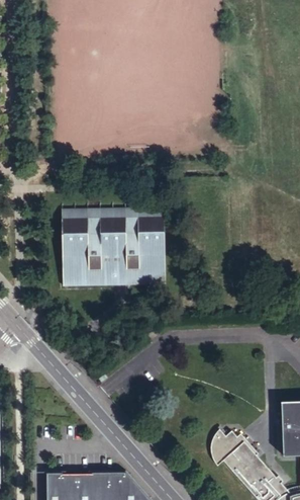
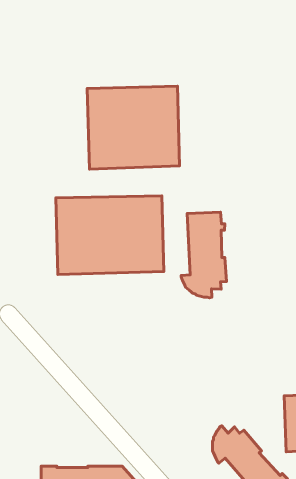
building: none -> [87,86,180,169]
building: none -> [181,212,226,298]

